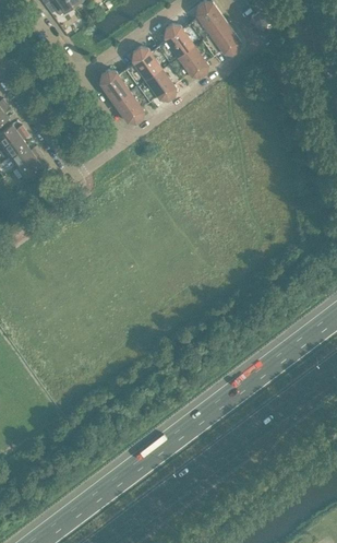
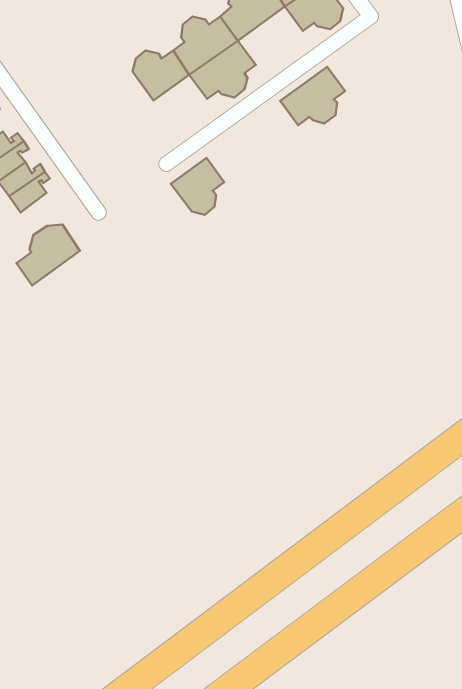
building: [170,40,214,80] -> [280,67,345,125]
building: [113,86,149,125] -> [171,158,224,215]
building: none -> [17,225,80,285]

